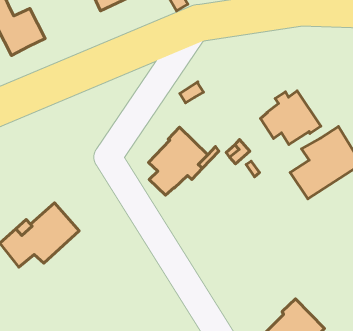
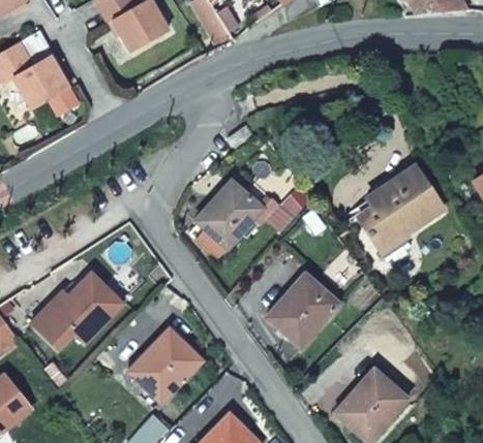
building: [261,91,321,145] -> none
building: none -> [269,270,341,346]
building: none -> [126,326,202,401]

